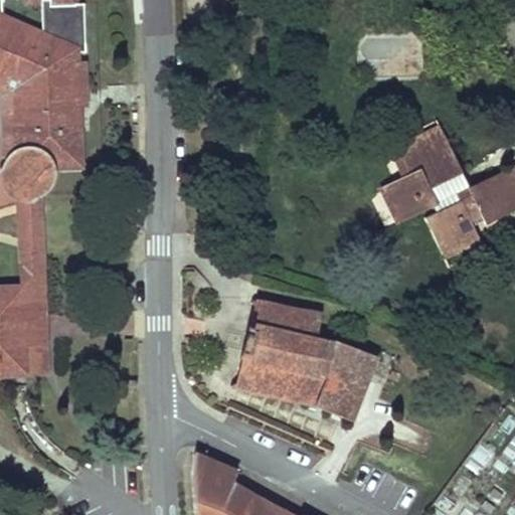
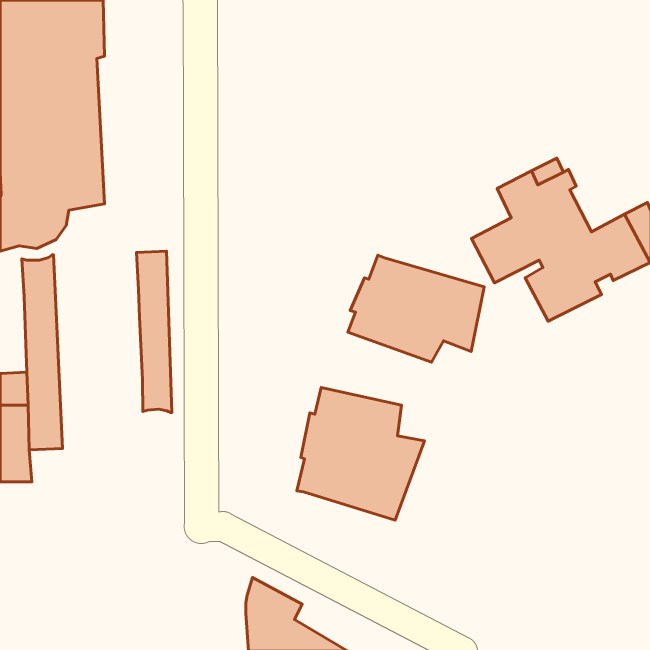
building: none -> [136,251,172,413]
building: none -> [348,255,484,362]
building: [313,342,374,424] -> none

